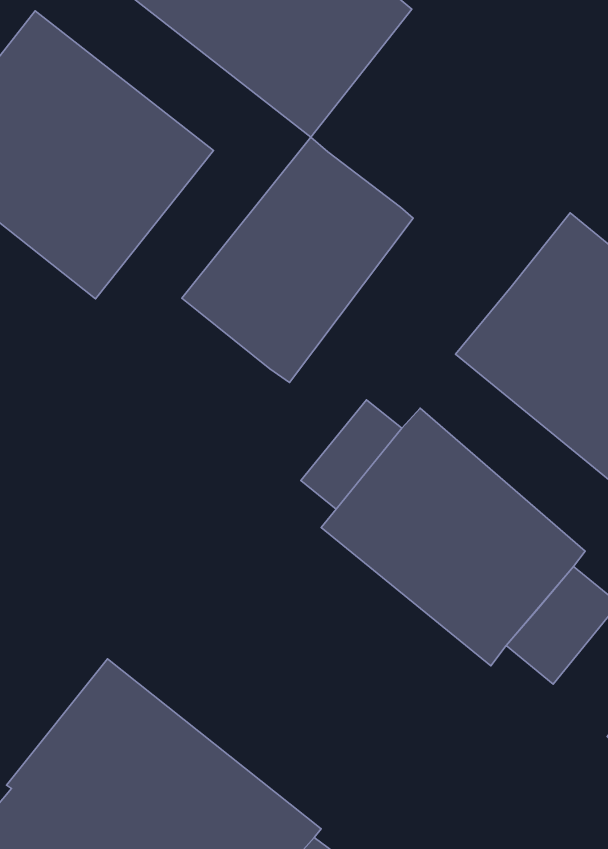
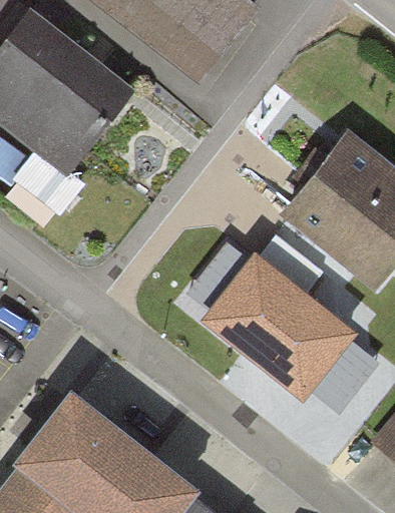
building: [182,137,413,383] -> none

